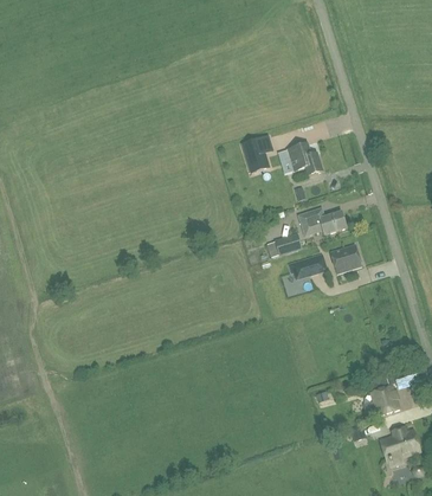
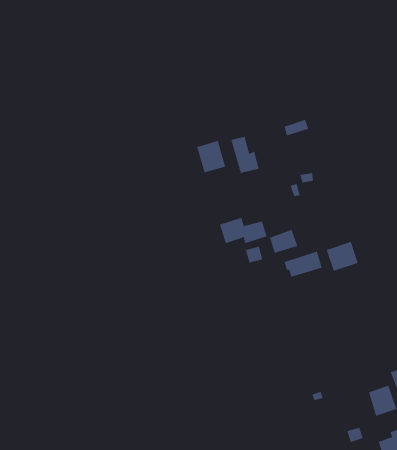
building: [288,142,322,174] -> none
building: none -> [196,140,226,173]
building: [299,207,347,233] -> [219,217,267,244]

